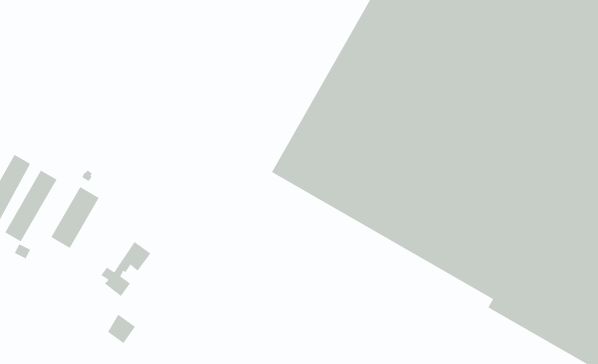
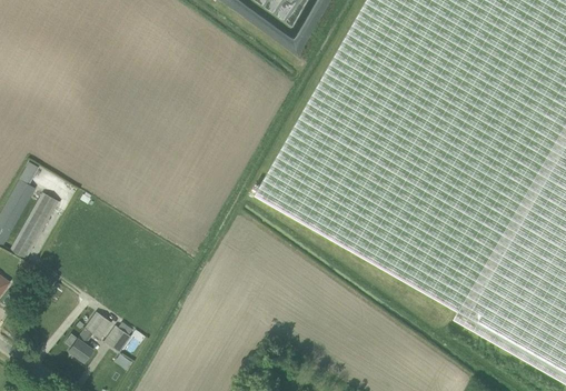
building: [50,186,99,249] -> none
building: [100,241,151,297] -> [67,311,113,362]

